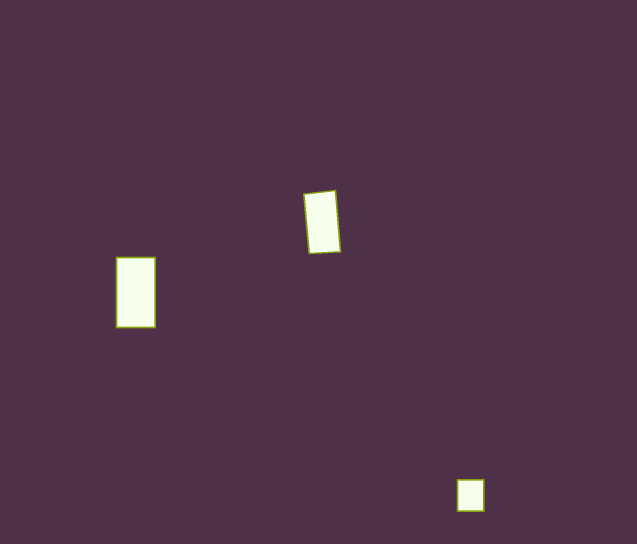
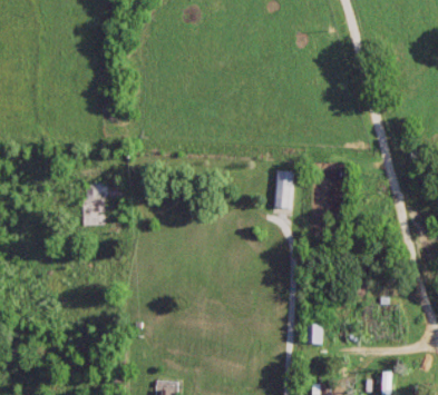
building: [304,191,341,254] -> [271,169,294,209]

